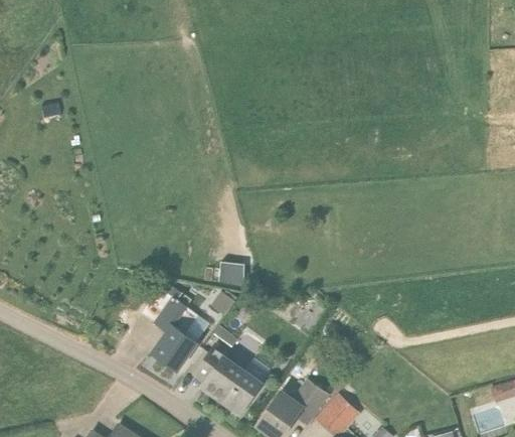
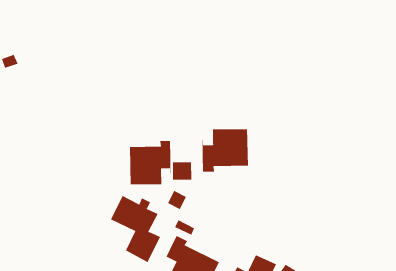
building: none -> [202,129,248,173]
building: none -> [129,140,171,185]

